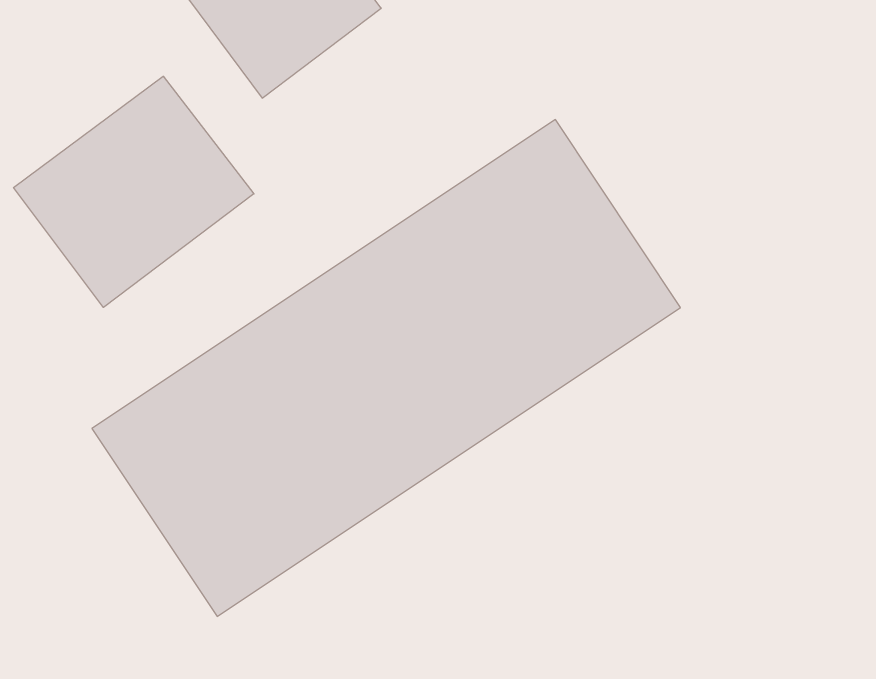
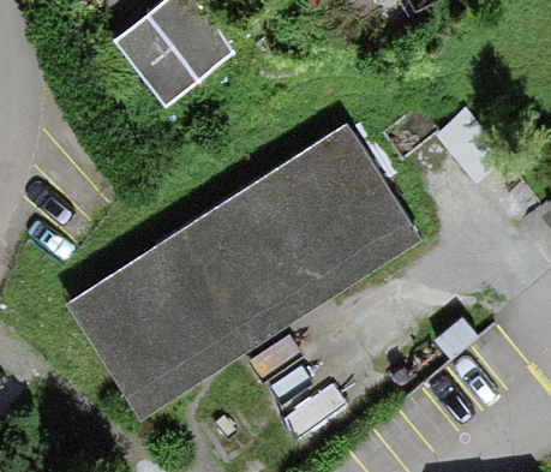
building: [14,76,254,307] -> none

